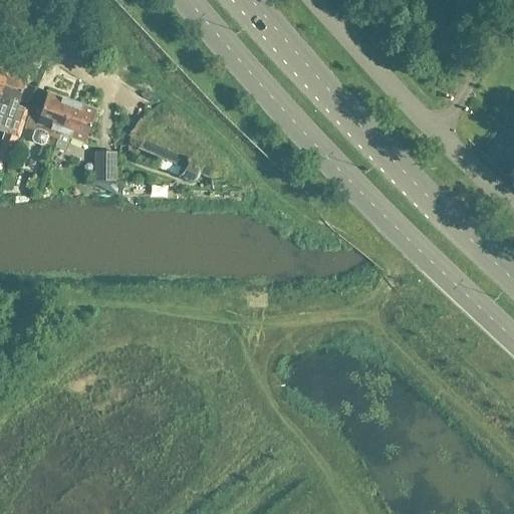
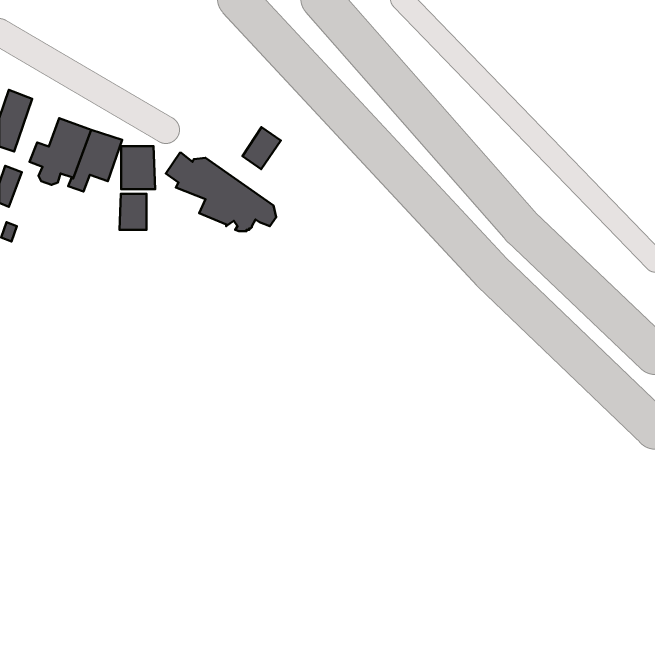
building: none -> [243,127,281,169]
building: none -> [121,146,155,189]

